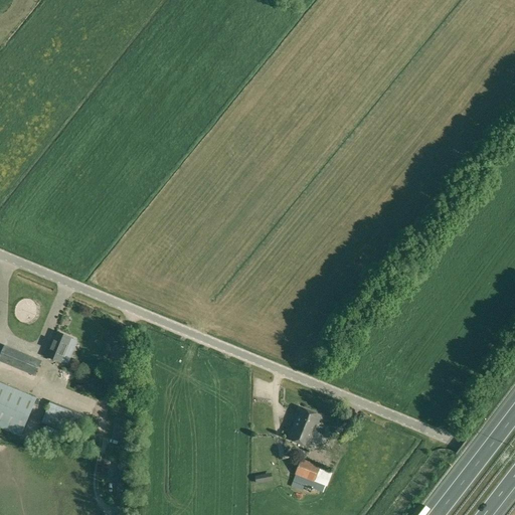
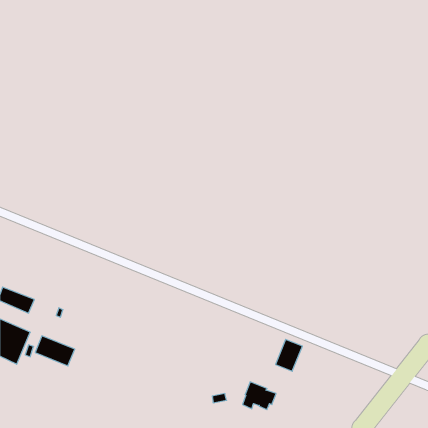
building: [44,331,69,361] -> none
building: [288,407,320,446] -> [276,339,302,371]

